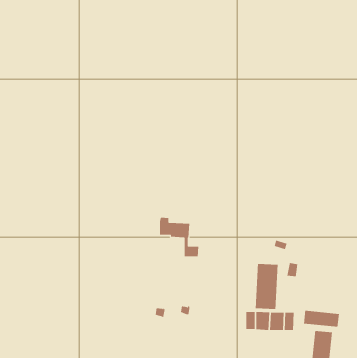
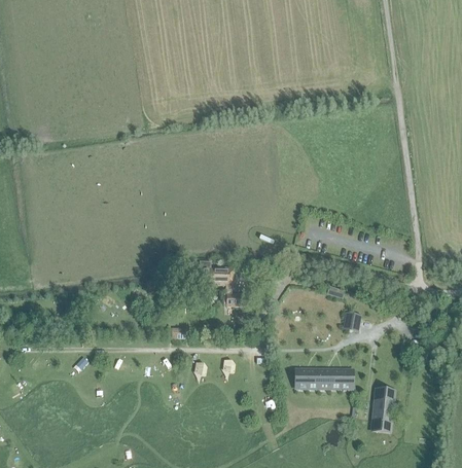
building: [255,263,278,310] -> none
building: [303,310,339,328] -> none

